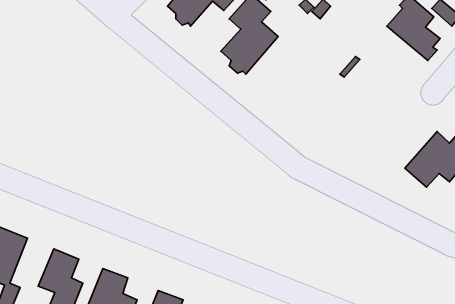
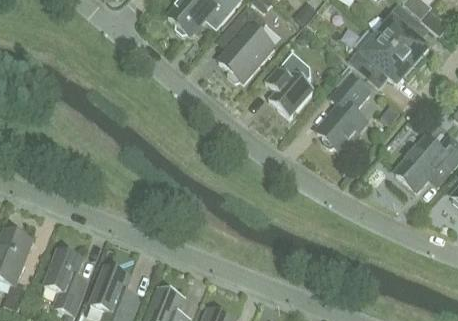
building: none -> [351,34,416,83]
building: none -> [264,50,314,115]
building: none -> [316,73,369,149]

